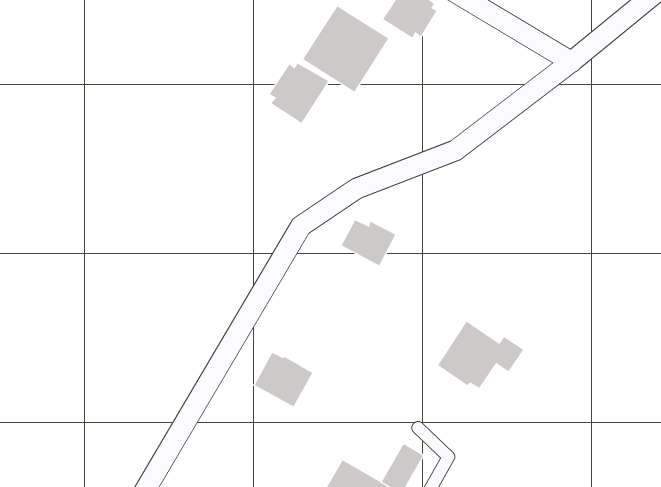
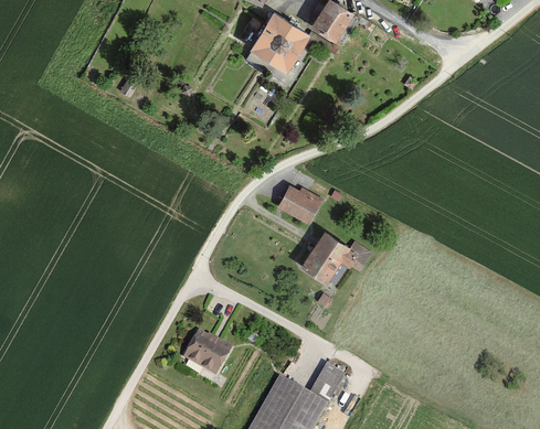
building: [269,63,329,124] -> none
building: [437,321,524,389] -> [300,230,370,285]
building: [254,352,313,407] -> [183,331,231,375]

